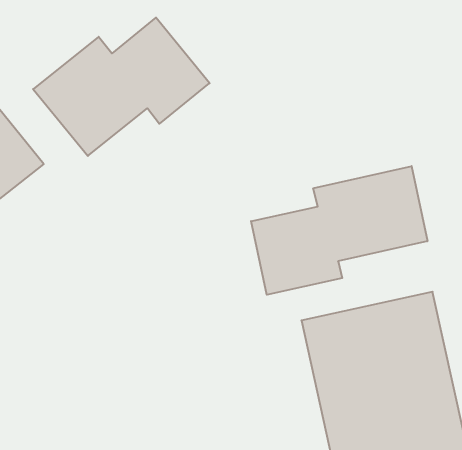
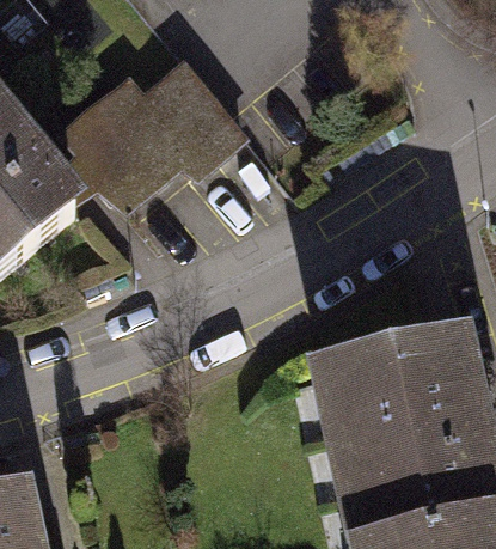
building: [251,166,427,295] -> none

